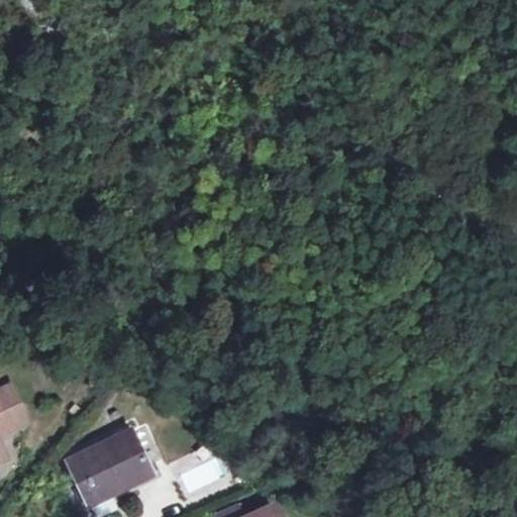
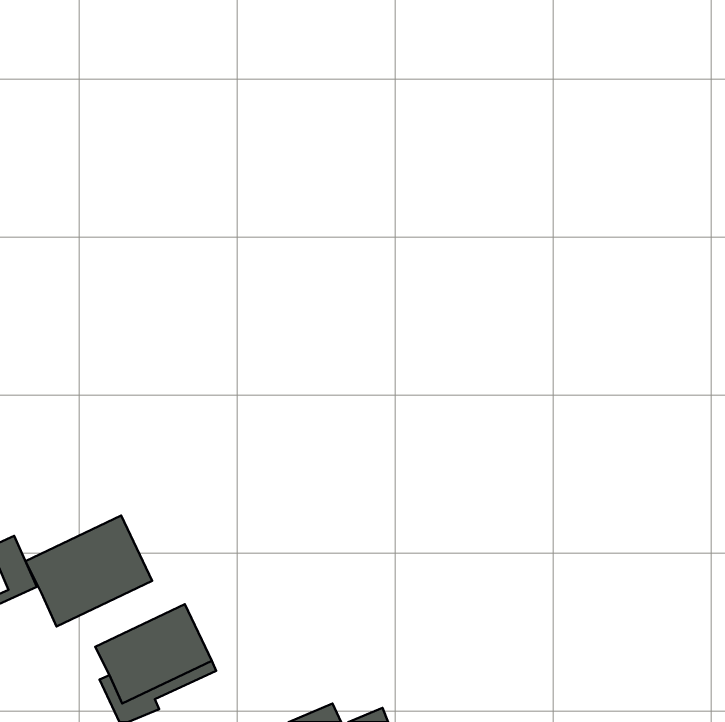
building: none -> [25,516,152,626]

